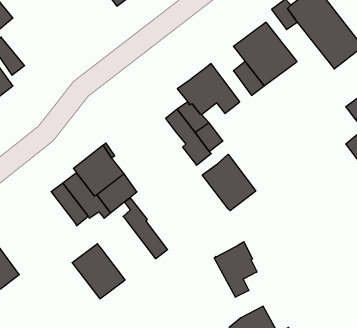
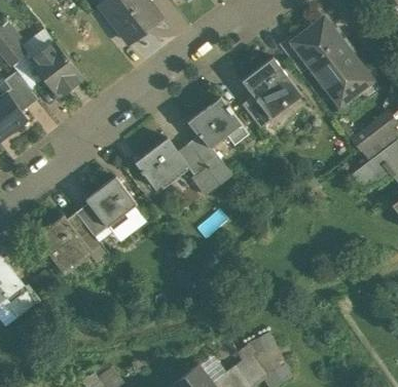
building: none -> [31,42,82,95]
building: none -> [134,139,185,189]
building: [202,154,256,211] -> none
building: [123,198,168,259] -> none
building: [214,242,257,297] -> none
building: [72,244,125,299] -> [36,218,87,271]

